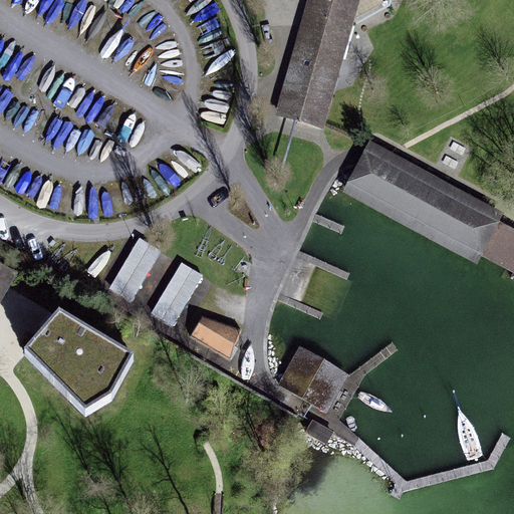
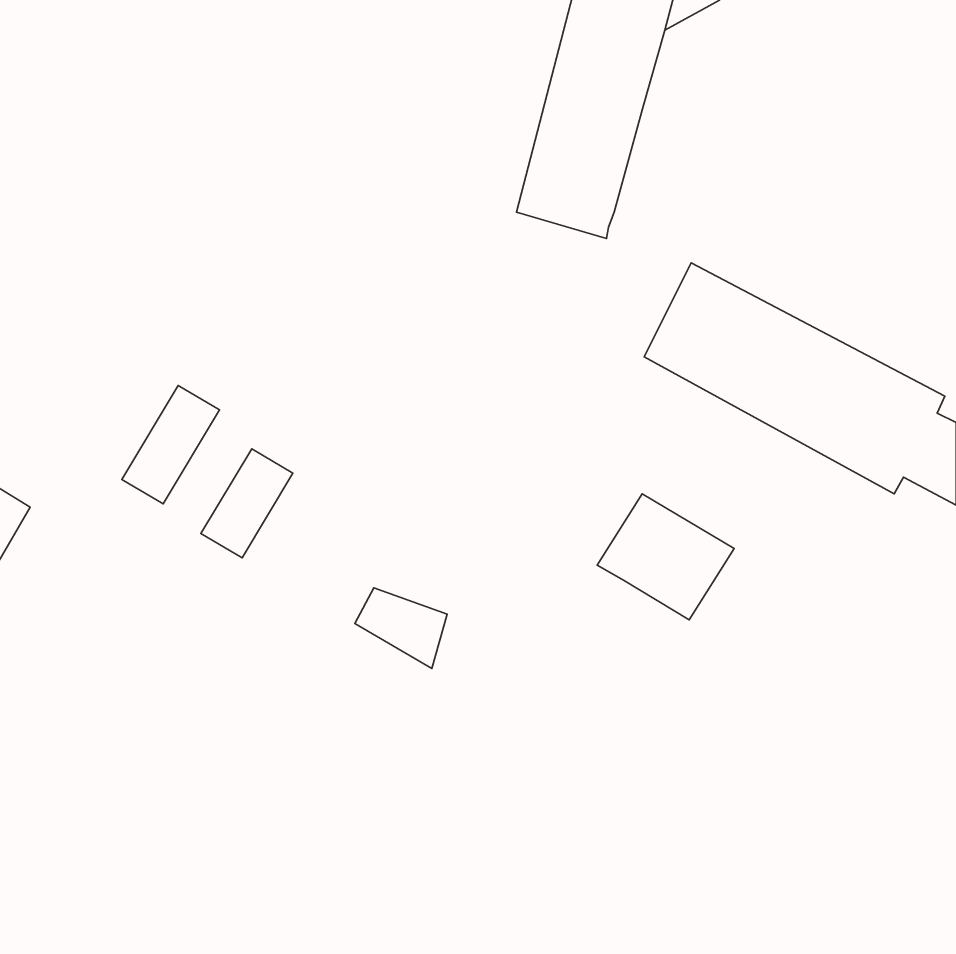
building: [150,260,202,323] -> [122,385,220,504]
building: [26,313,128,415] -> none
building: [277,344,350,412] -> [597,494,734,620]

